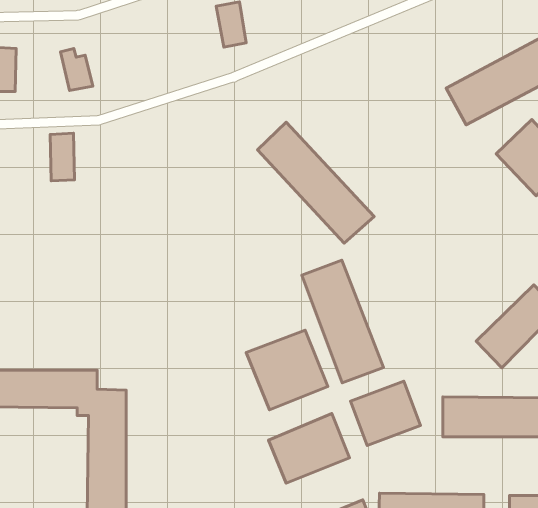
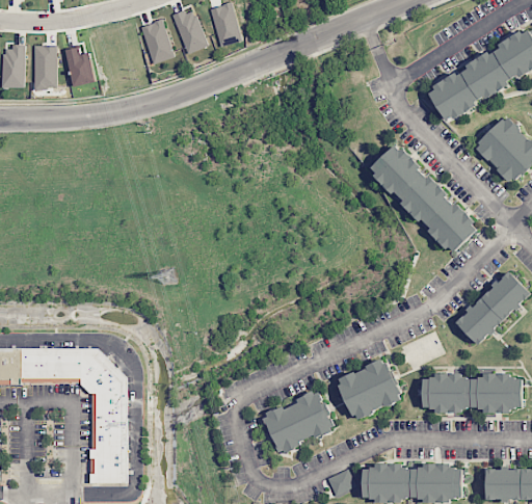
building: none -> [171,8,208,54]
building: none -> [140,19,174,64]
building: [257,122,374,243] -> [370,141,479,255]
building: [50,133,75,181] -> [33,45,56,89]
building: [302,260,384,383] -> none
building: [246,330,328,410] -> none

